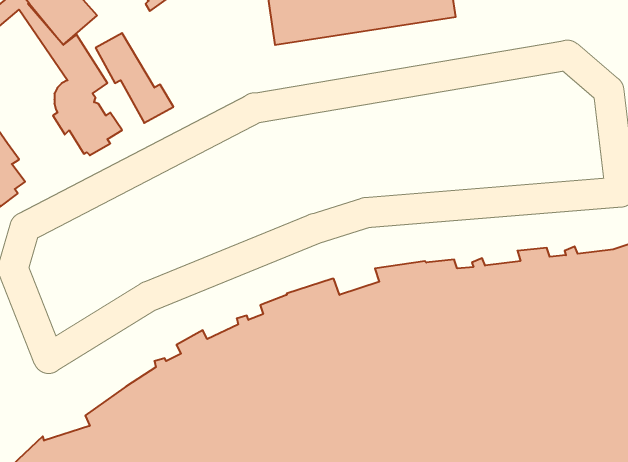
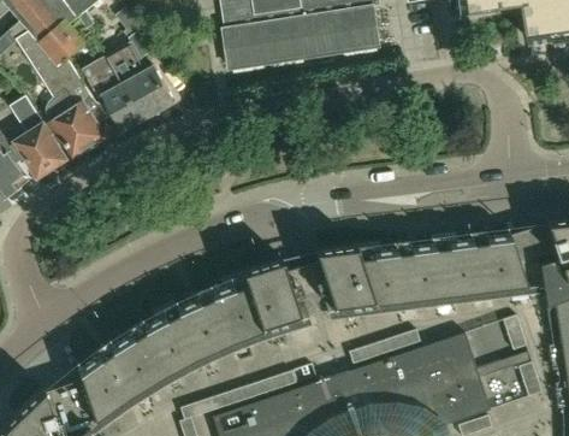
building: none -> [106,42,174,117]
building: none -> [11,95,66,175]

